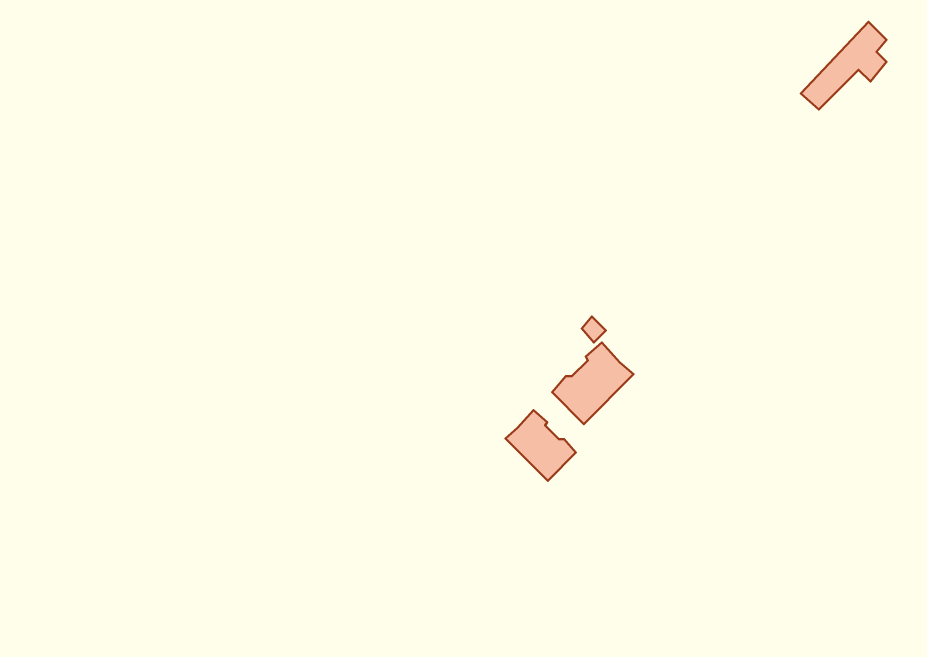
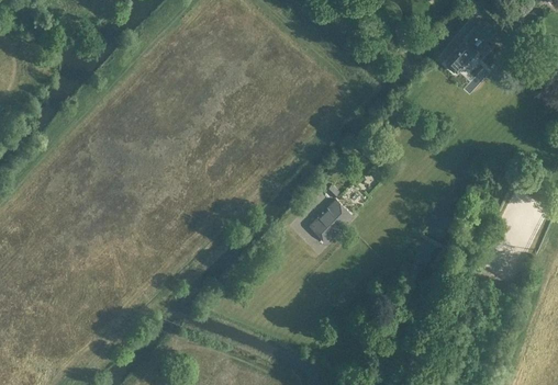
building: [505,410,576,481] -> none

